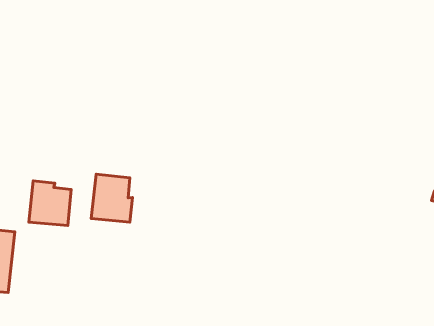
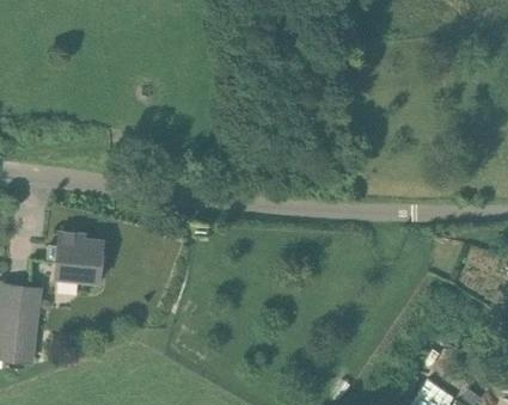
building: [91,174,132,222] -> none

